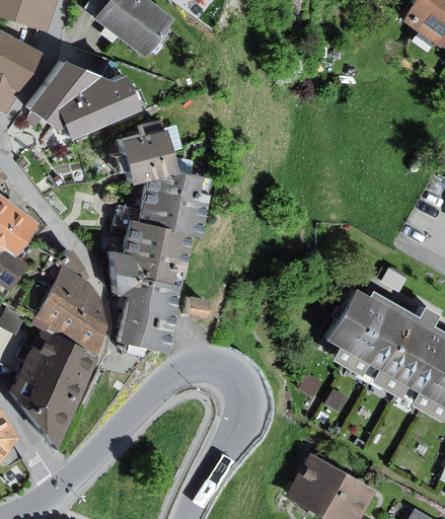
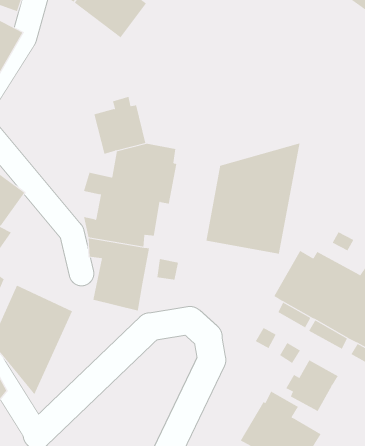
building: [27,62,138,140] -> none
building: none -> [206,142,300,254]
building: [29,262,107,354] -> none
building: none -> [285,359,338,412]

